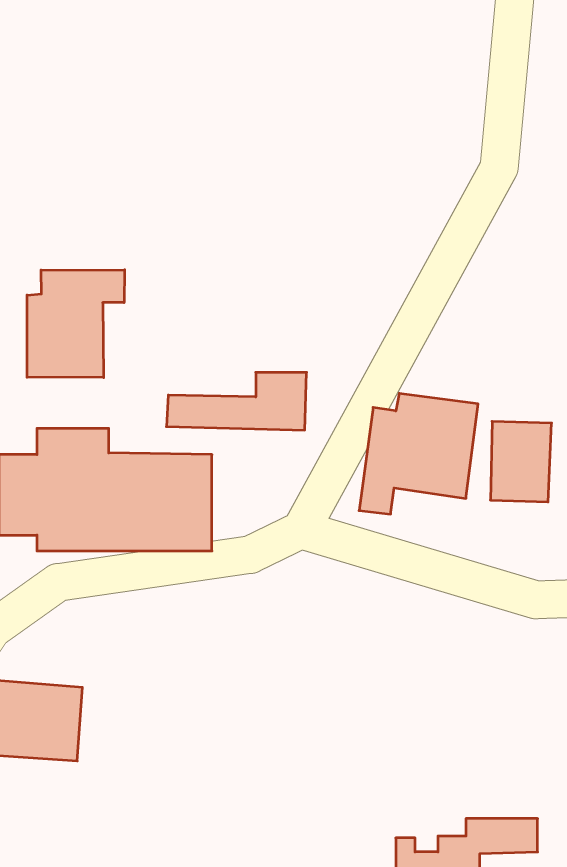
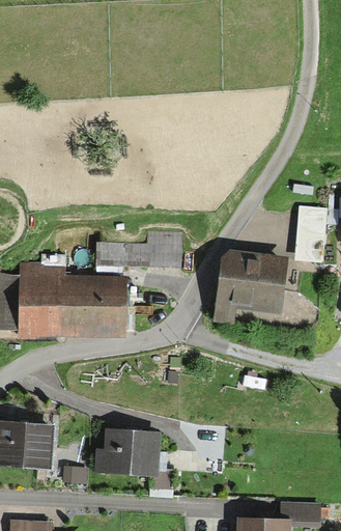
building: [27,270,125,378] -> none
building: none -> [300,200,328,256]
building: none -> [94,427,175,486]

